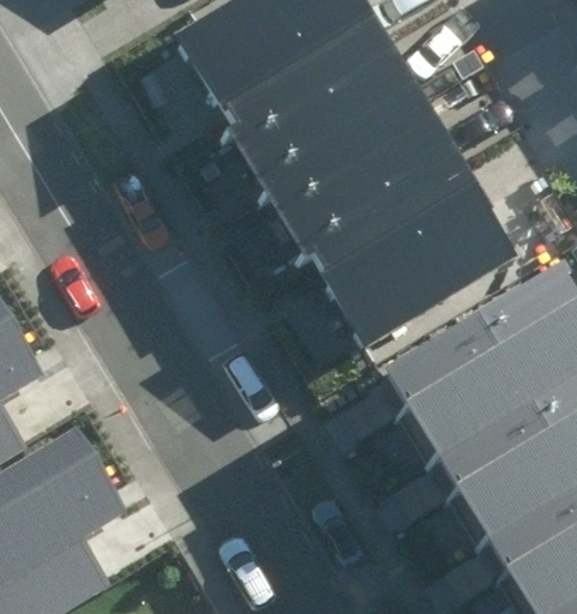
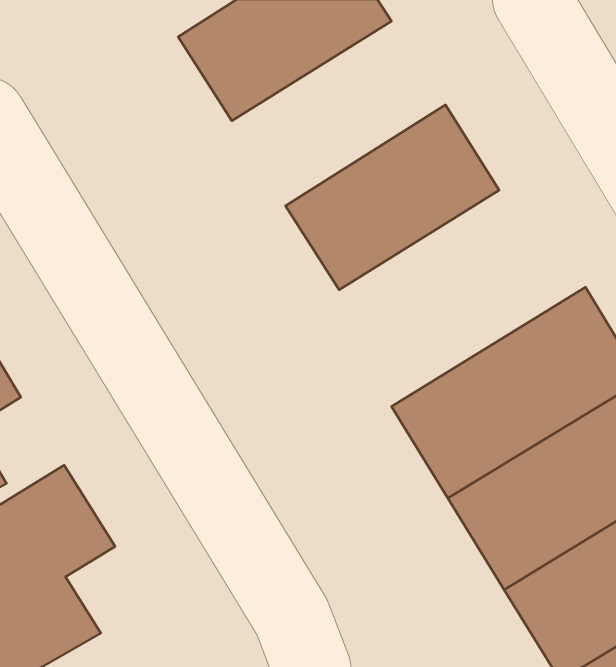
building: [224,22,420,191] -> none
building: [323,176,518,345] -> none

